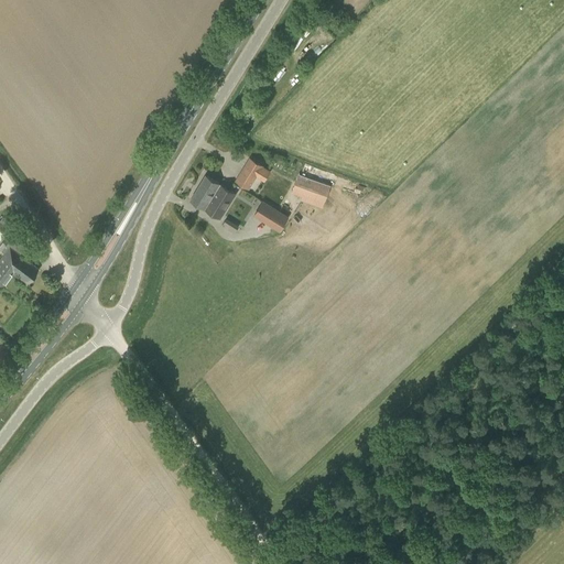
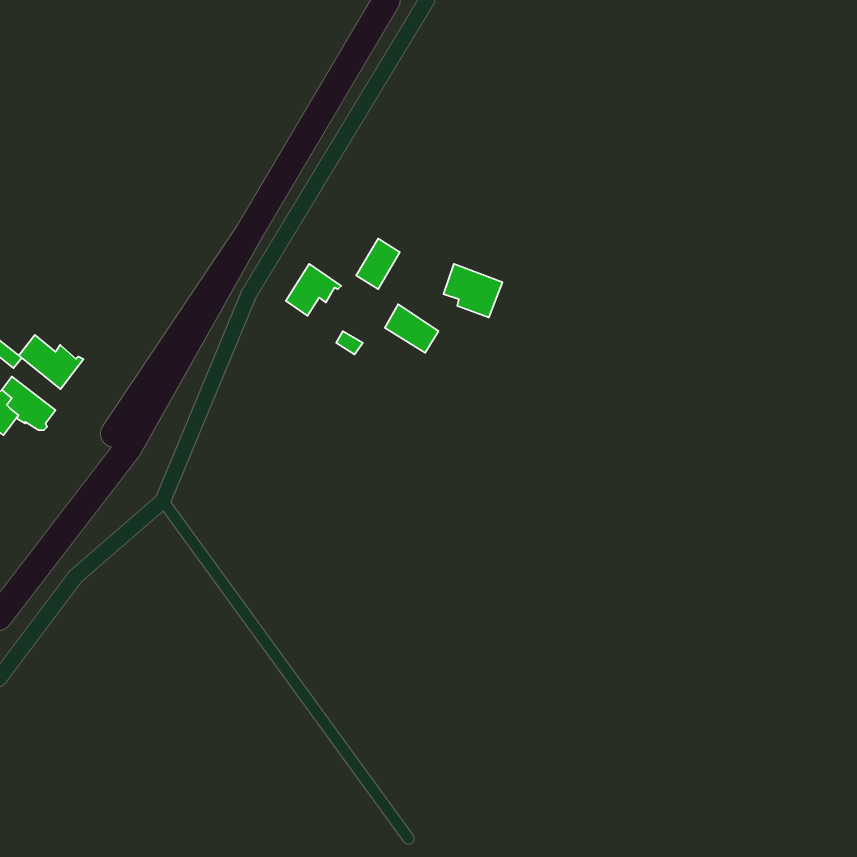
building: [202,188,235,219] -> none
building: none -> [19,335,83,389]

